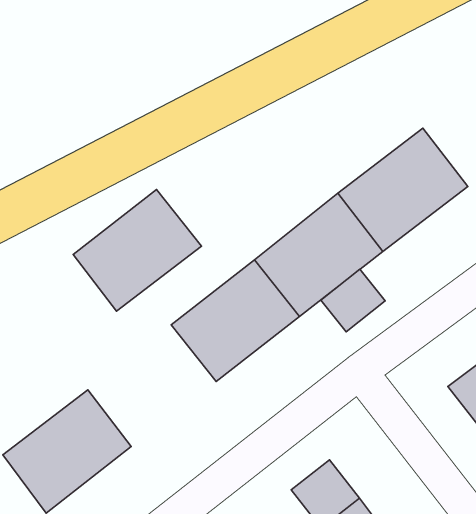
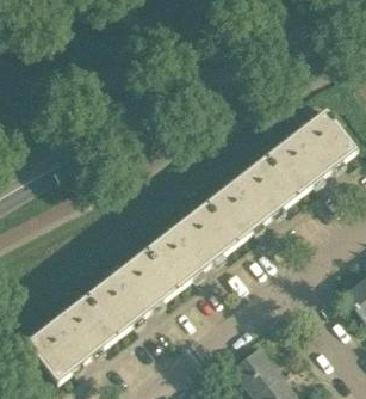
building: [73,190,201,311] -> [86,251,178,338]
building: [321,269,385,332] -> none

